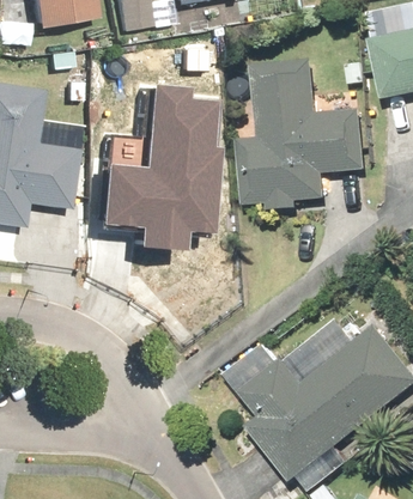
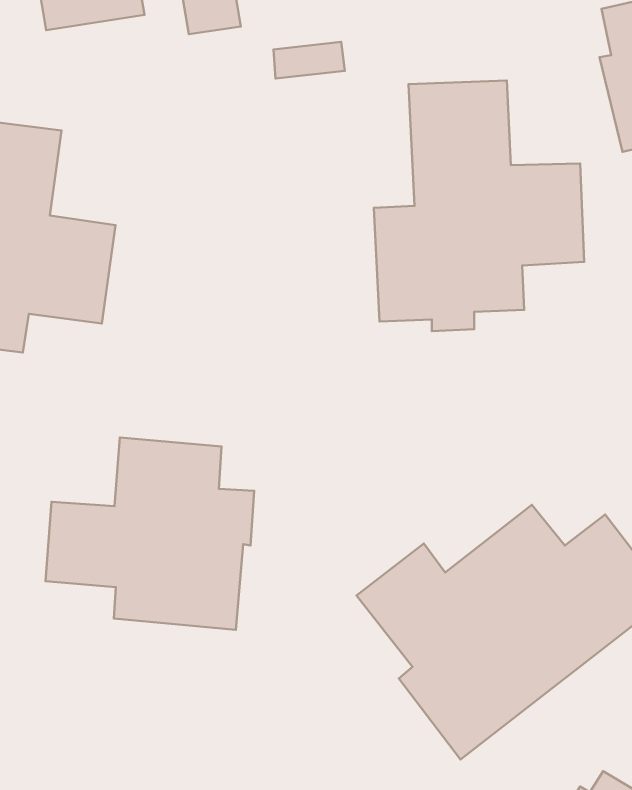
building: [95,90,215,232] -> none
building: none -> [45,438,254,630]

